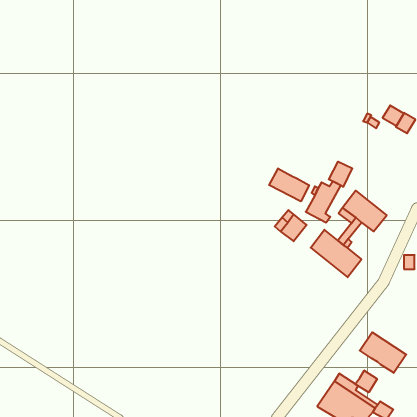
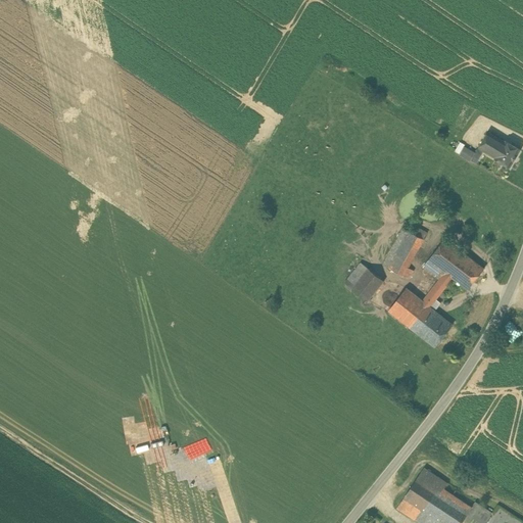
building: [329,162,352,187] -> none
building: [269,168,309,201] -> none
building: [360,332,406,373] -> none
building: [355,370,377,392] -> none

